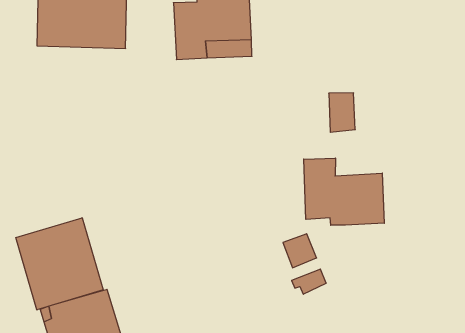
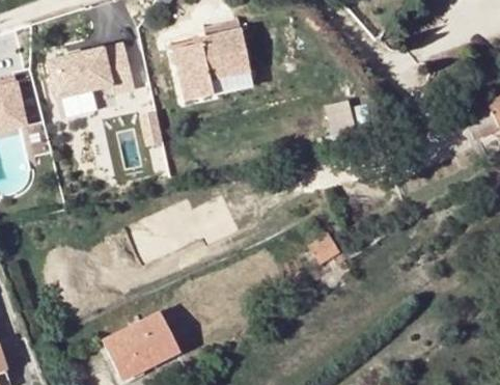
building: [304,158,384,225] -> none
building: [16,218,103,310] -> none

